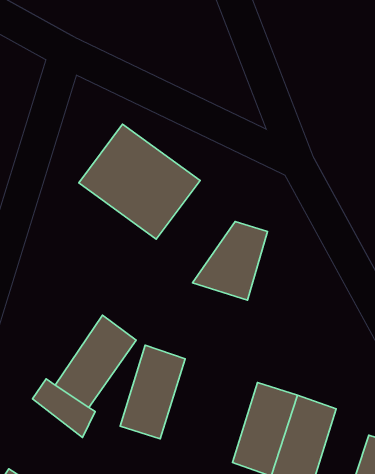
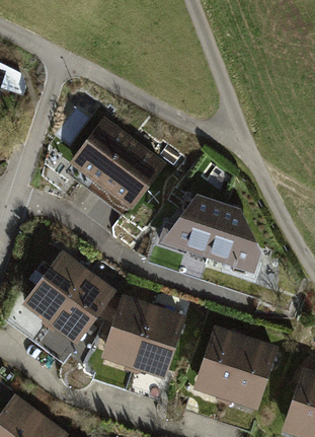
building: none -> [205,203,260,275]
building: none -> [21,251,87,327]
building: none -> [134,306,184,380]

